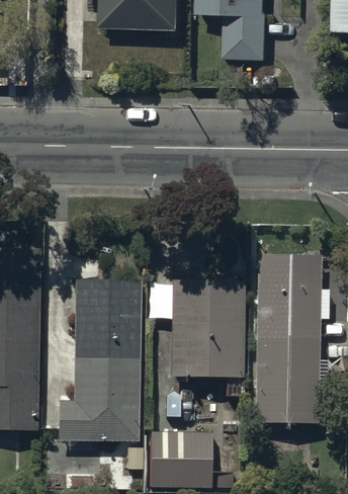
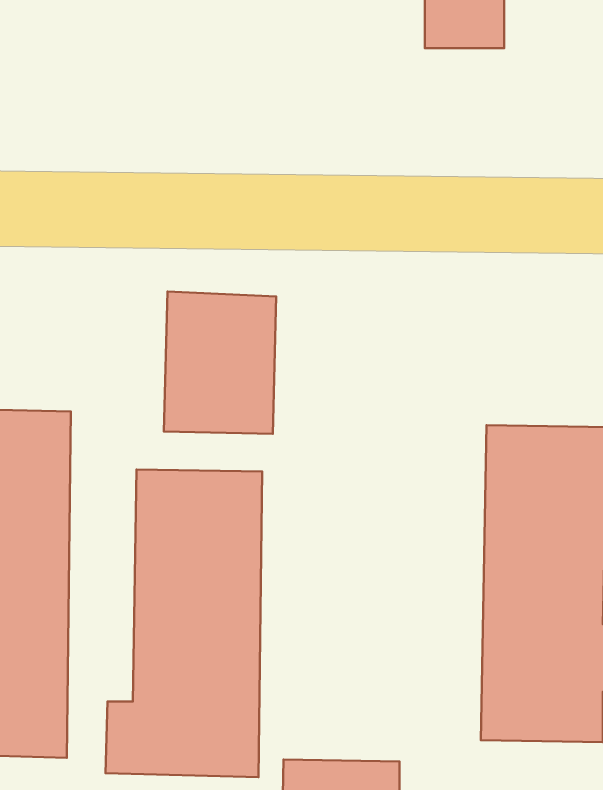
building: none -> [164,292,276,434]
building: [170,280,244,377] -> none

